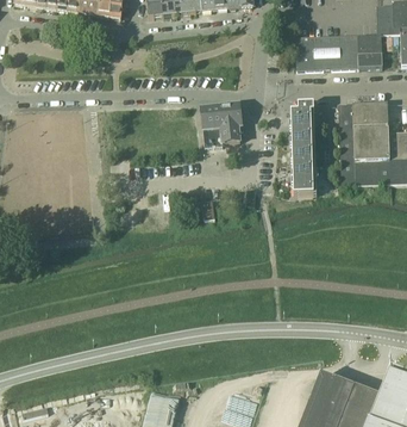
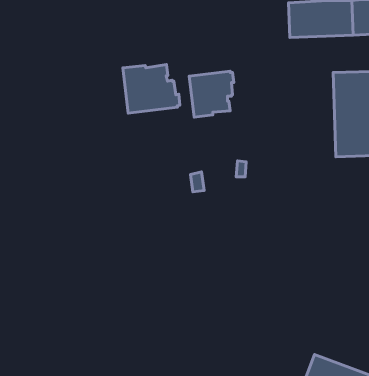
building: none -> [123,65,180,113]
building: [292,103,328,194] -> none

